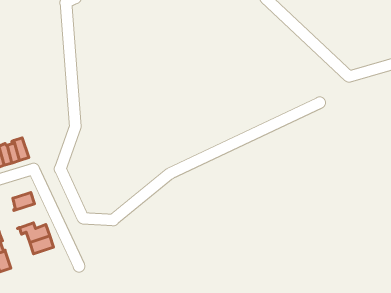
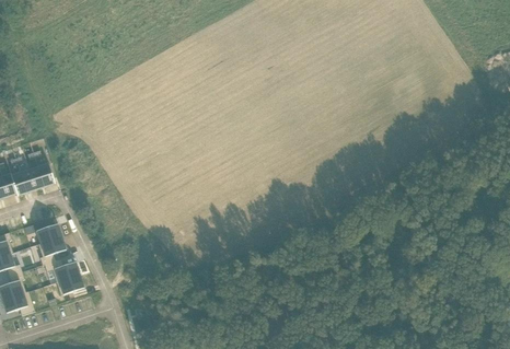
building: none -> [37,236,66,265]

